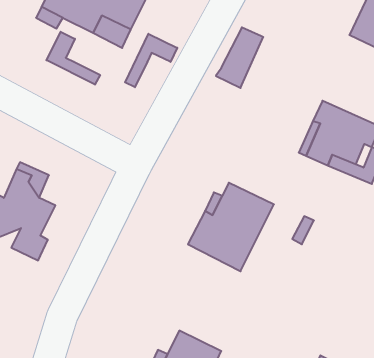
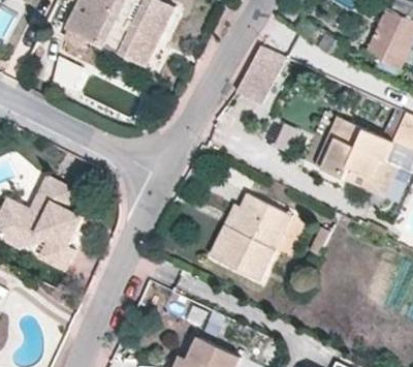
building: [46,32,100,85] -> none
building: [125,34,177,87] -> none

